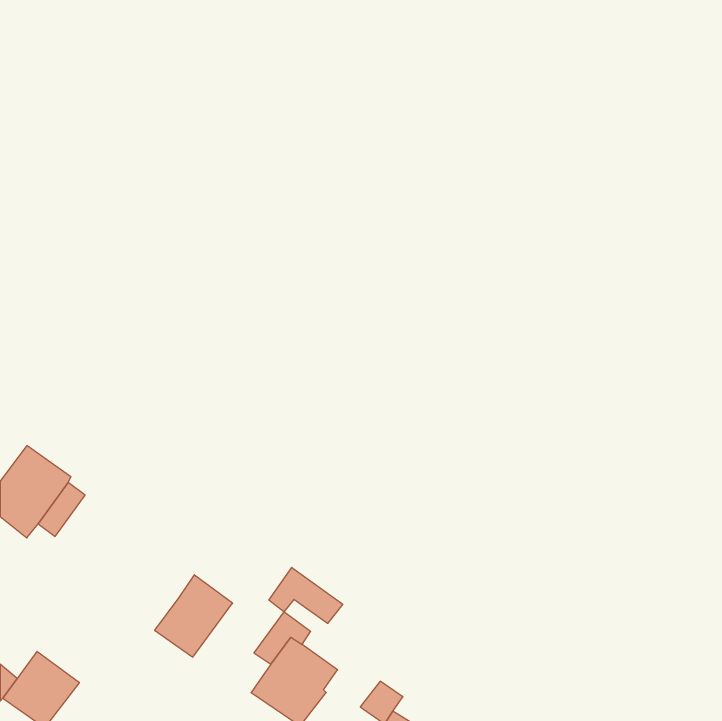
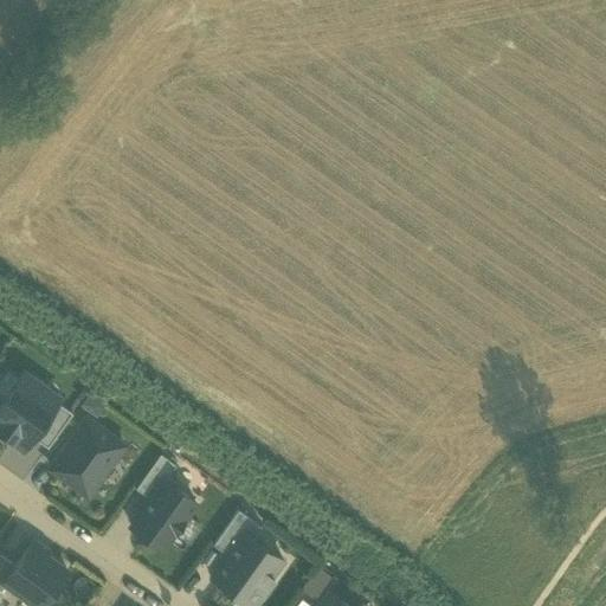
building: none -> [50,419,128,499]
building: none -> [137,457,178,502]
building: [269,567,343,623] -> none

